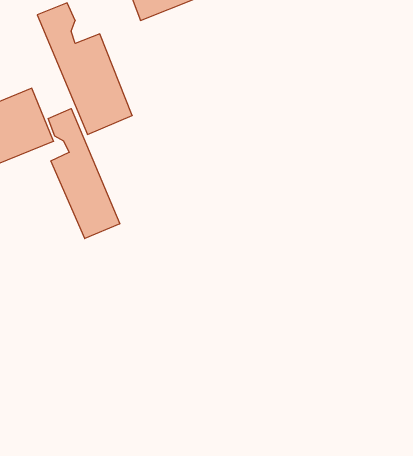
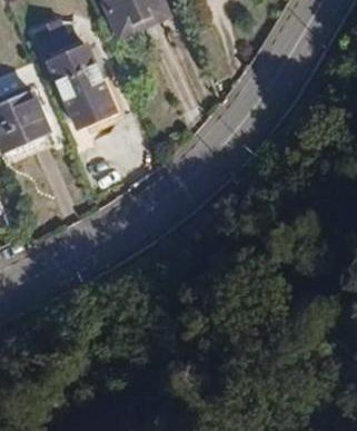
building: [48,109,120,239] -> none

